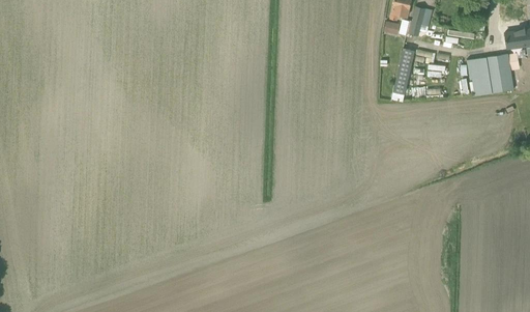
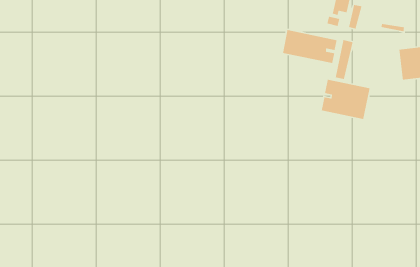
building: none -> [282,29,337,64]
building: none -> [321,79,370,120]

